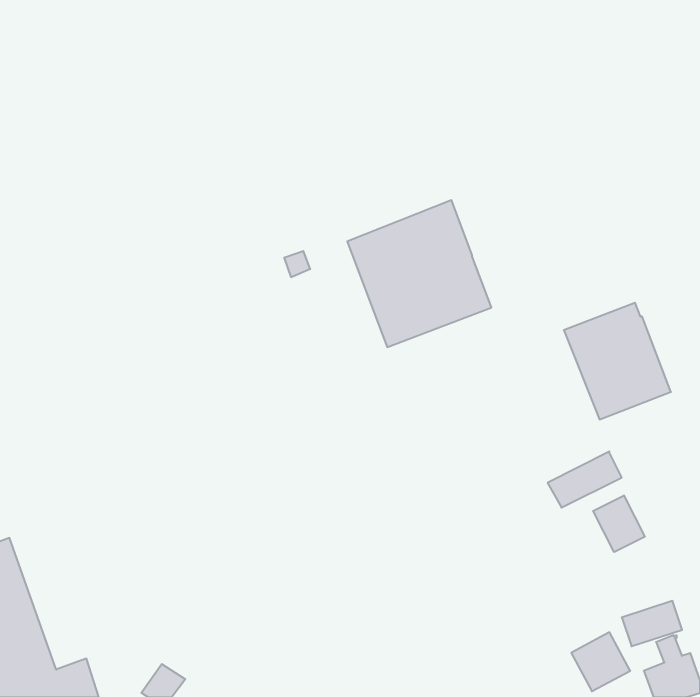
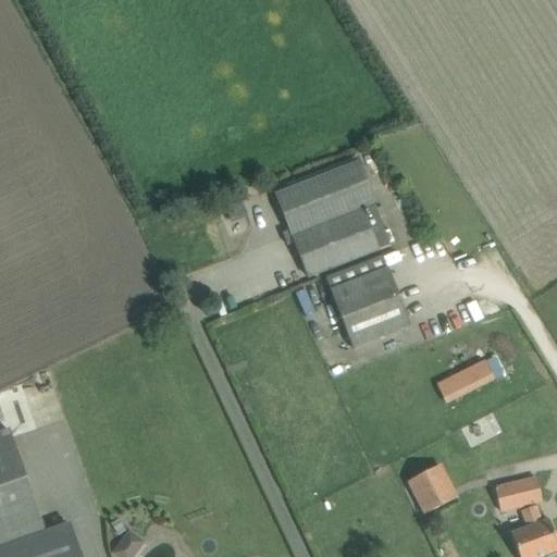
building: [564,303,671,419] -> [324,255,409,347]
building: [593,495,645,552] -> none
building: [571,632,630,691] -> [408,465,455,511]

